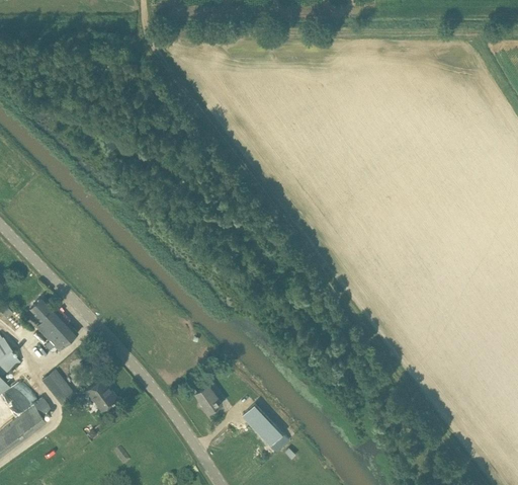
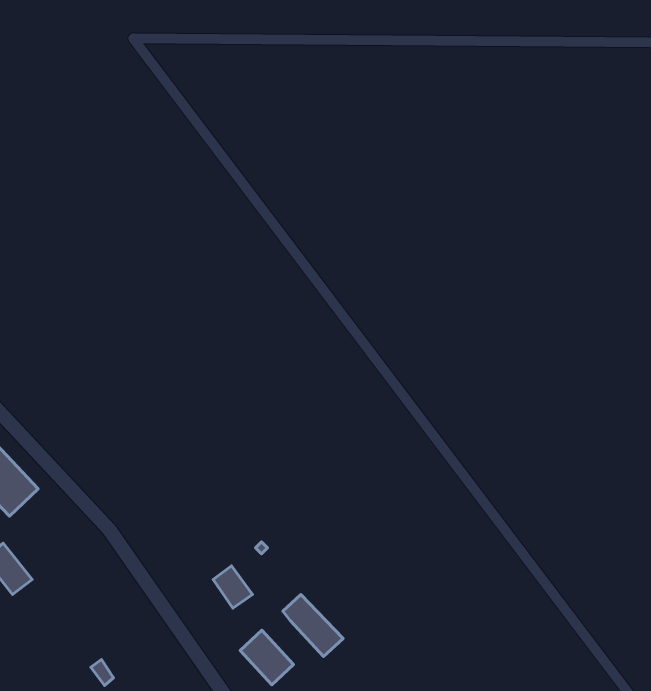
building: [85,379,116,409] -> none
building: none -> [240,630,293,685]

